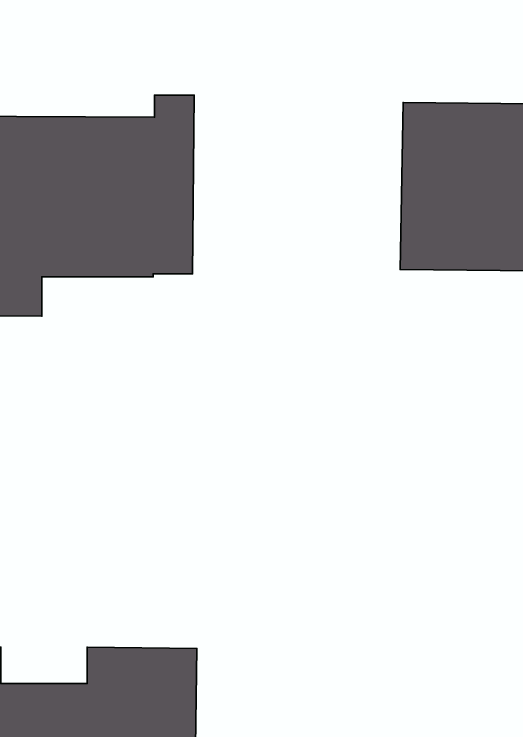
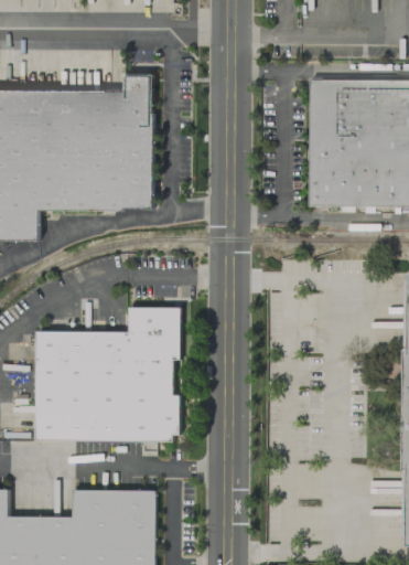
building: none -> [34,307,180,441]

